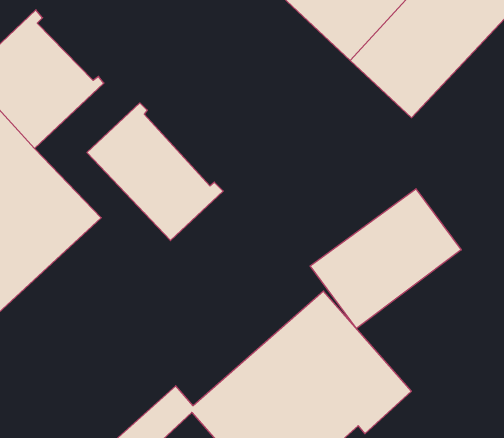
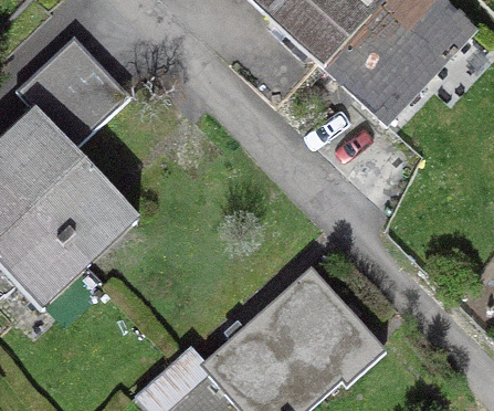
building: [87,103,223,241] -> none
building: [310,189,461,329] -> none

